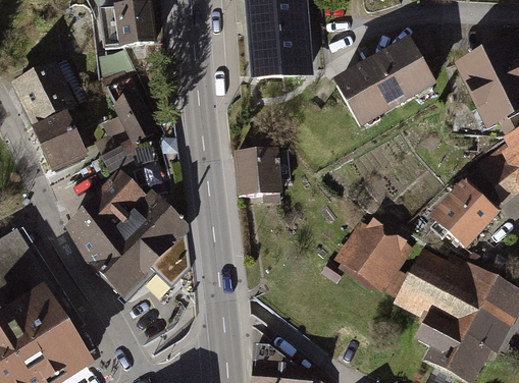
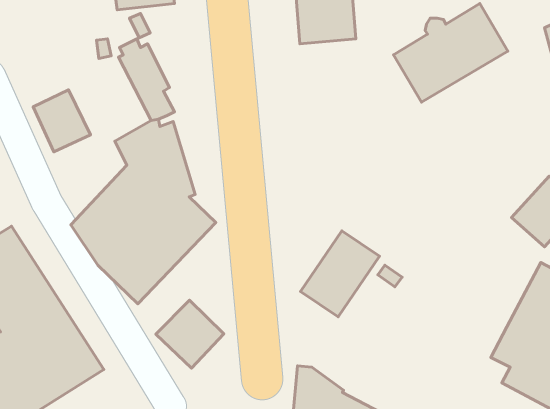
building: [16,66,73,124] -> none
building: [237,151,288,201] -> none
building: [345,211,411,283] -> [300,231,380,317]
building: [386,252,460,314] -> none
building: none -> [156,300,224,368]

